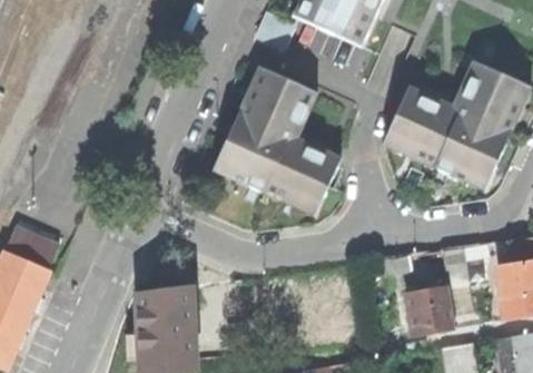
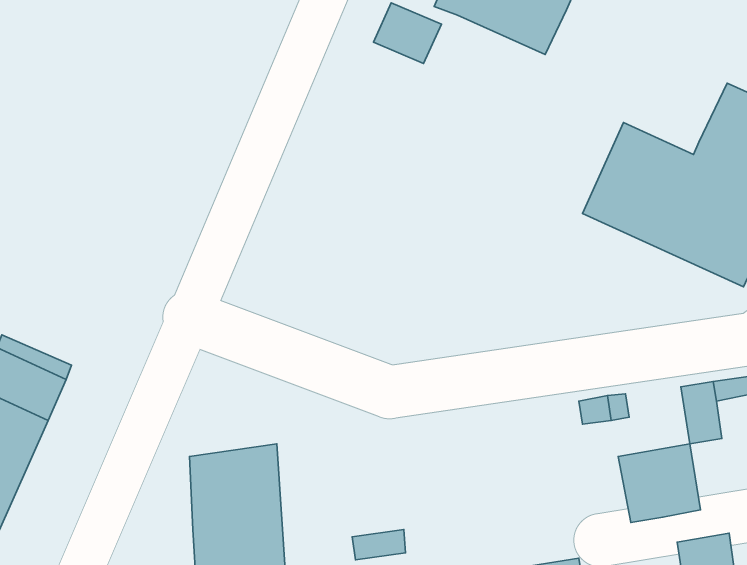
building: [214,66,340,214] -> none

